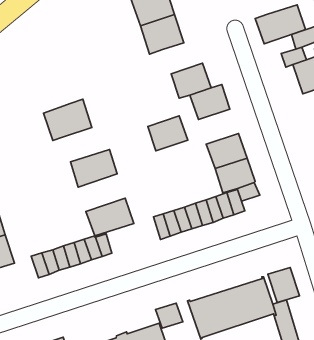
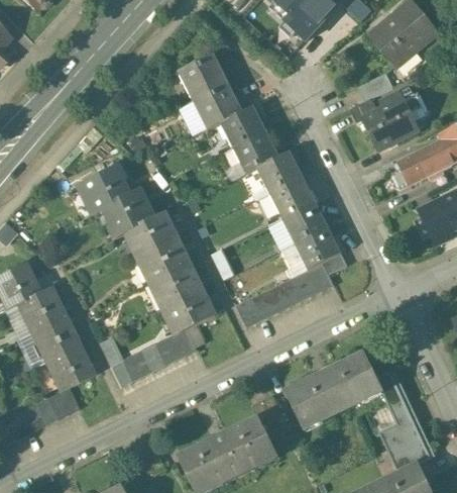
building: [255,5,306,44] -> none
building: none -> [220,105,265,146]
building: none -> [75,164,129,213]
building: [148,116,188,151] -> [269,176,315,217]
building: none -> [125,212,178,257]
building: none -> [149,263,202,308]
building: [268,268,299,303] -> none

